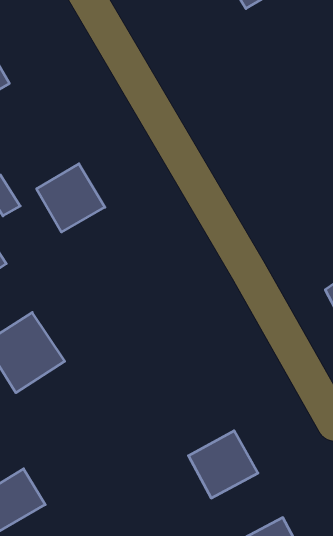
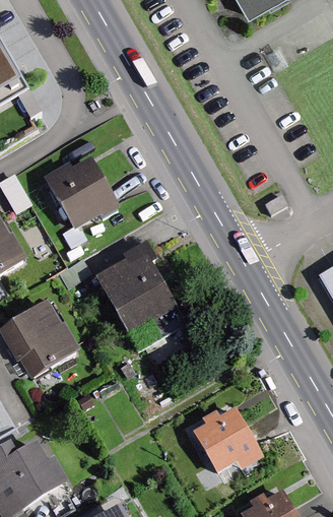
building: none -> [98,252,176,333]

